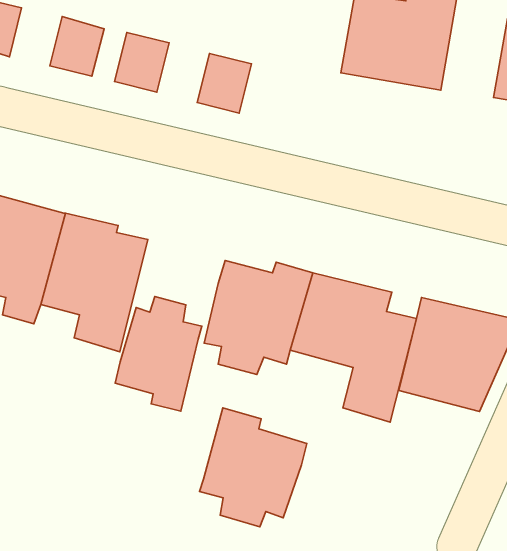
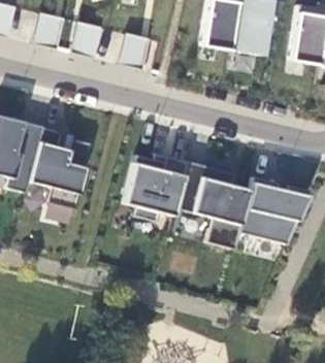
building: [115,297,202,411] -> none
building: [199,408,307,527] -> none

